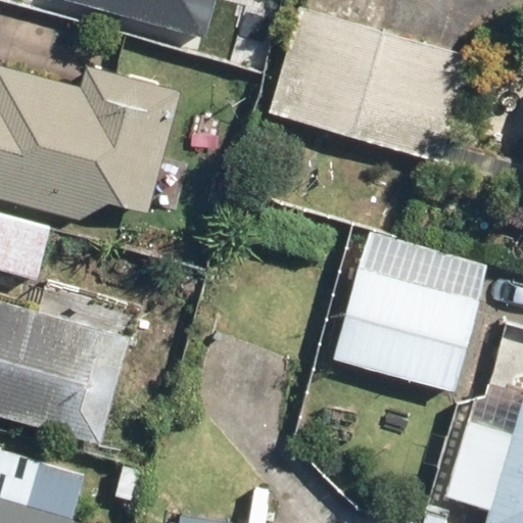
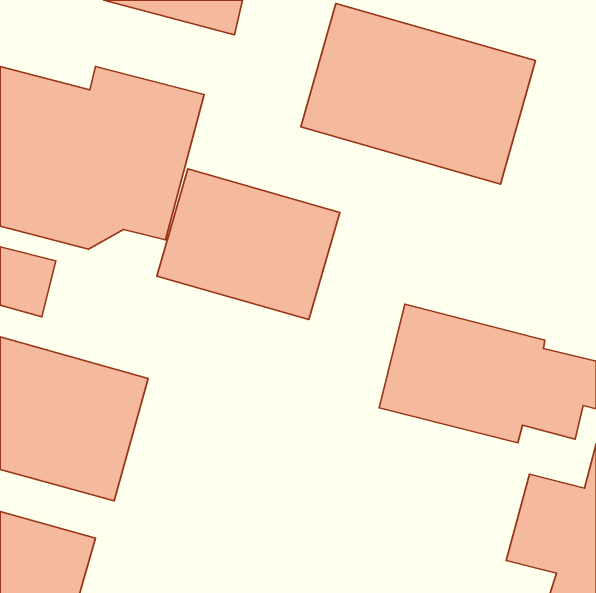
building: none -> [157,169,340,320]

